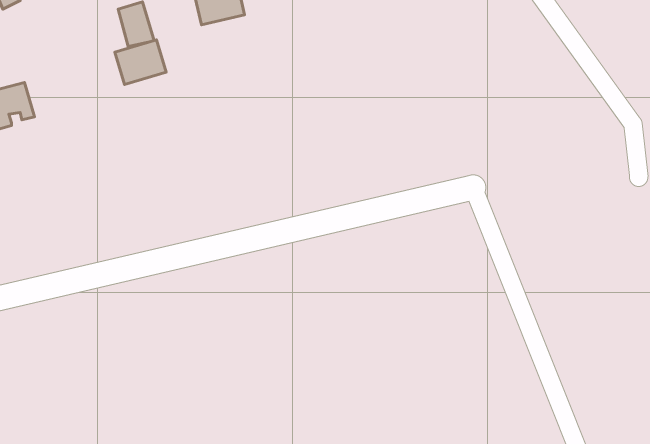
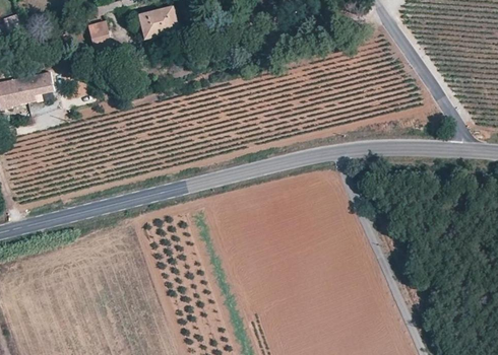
building: [115,40,166,84] -> none
building: none -> [21,70,54,101]

